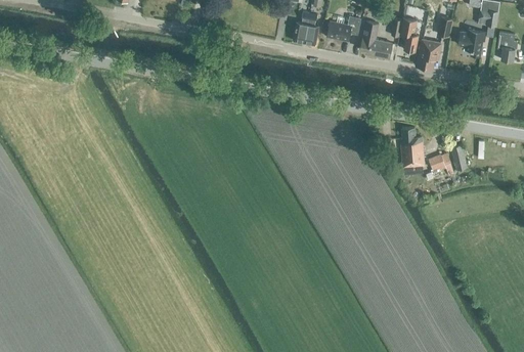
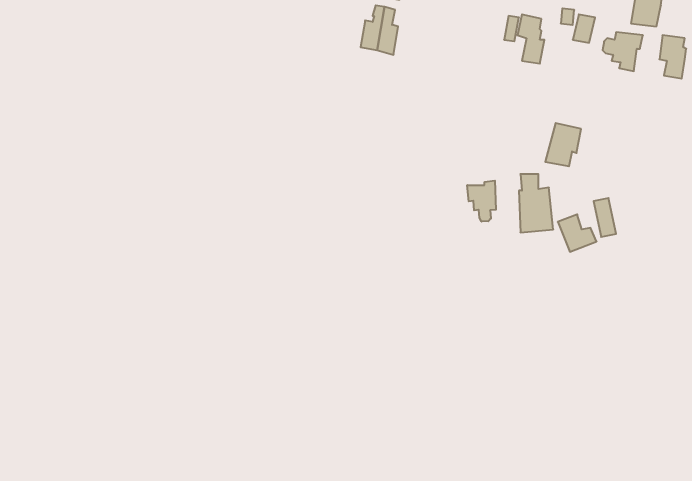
building: [326,15,361,40] -> none
building: [360,20,392,58] -> none
building: [416,39,440,69] -> [545,123,581,166]
building: none -> [467,181,496,222]

